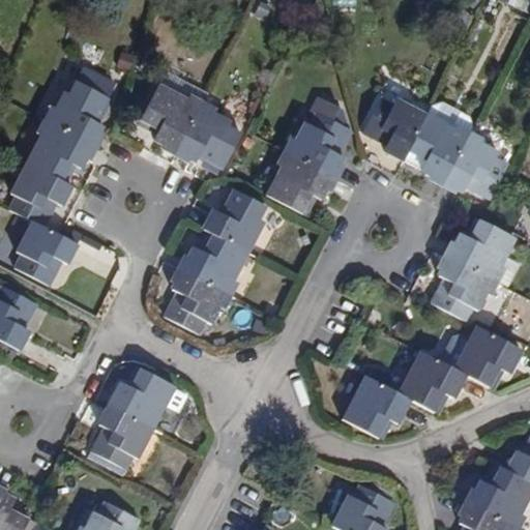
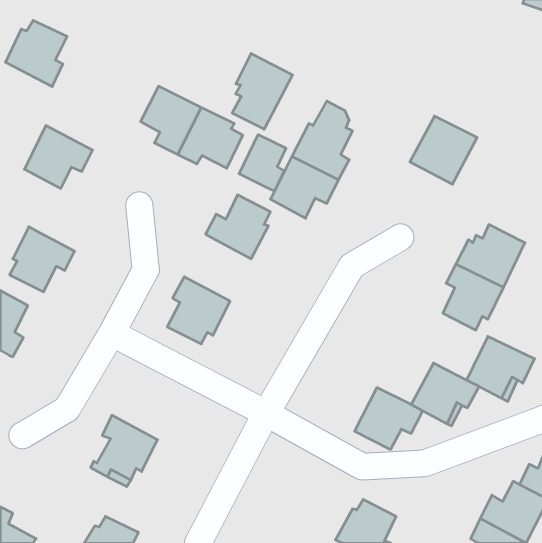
building: none -> [232,53,293,129]
building: [47,82,107,146] -> [5,20,67,87]
building: [362,95,424,157] -> none
building: none -> [239,135,286,191]
building: [442,134,507,194] -> none
building: [8,165,70,227] -> none
building: [181,233,246,293] -> none
building: [111,367,178,428] -> none

